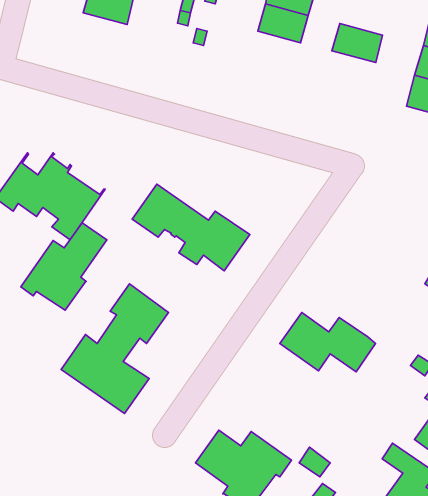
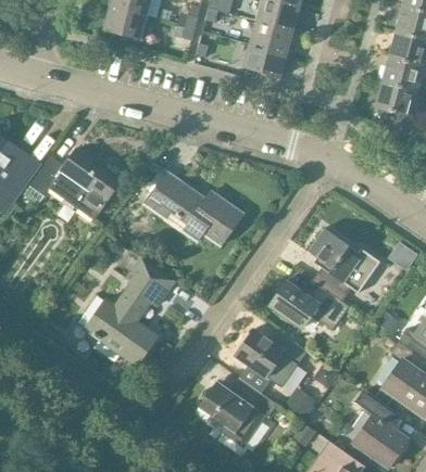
building: [332,23,382,62] -> [243,44,286,77]
building: [21,223,107,310] -> none
building: none -> [308,227,380,301]
building: none -> [235,328,308,387]

